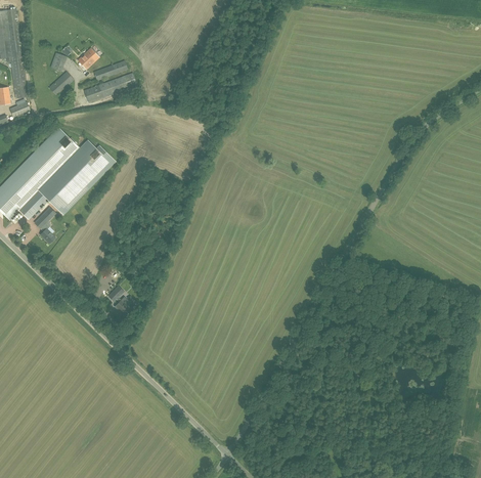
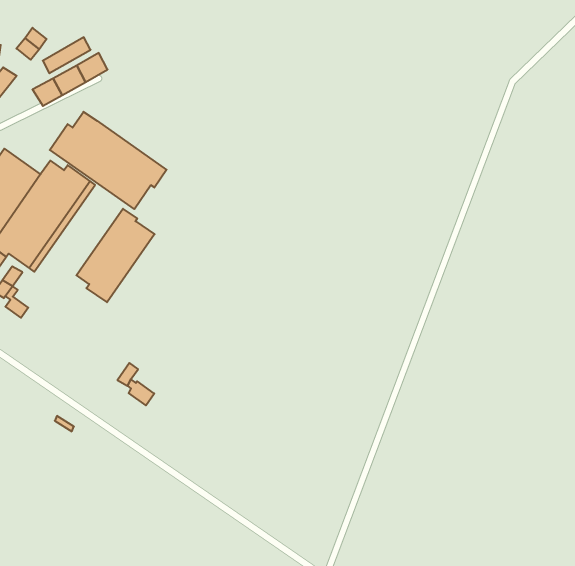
building: none -> [50,112,167,209]
building: none -> [76,209,155,302]

